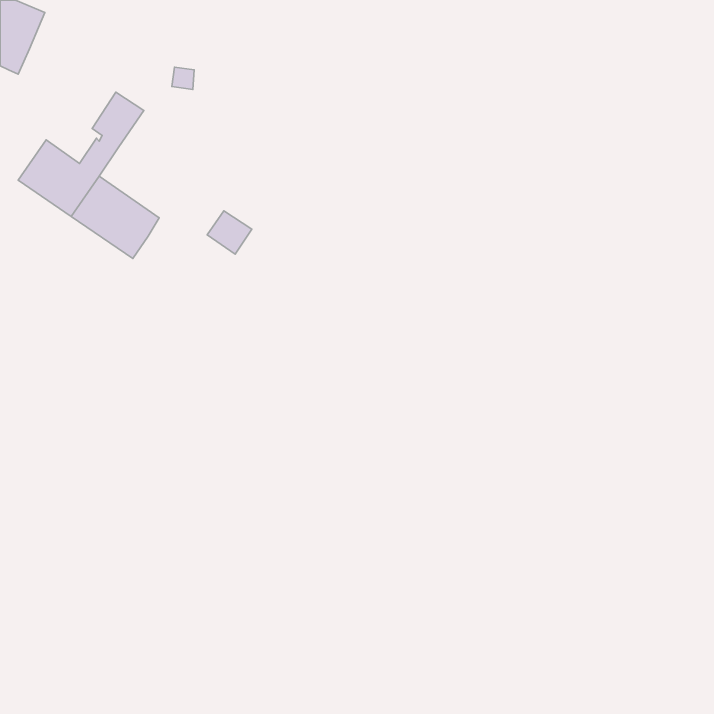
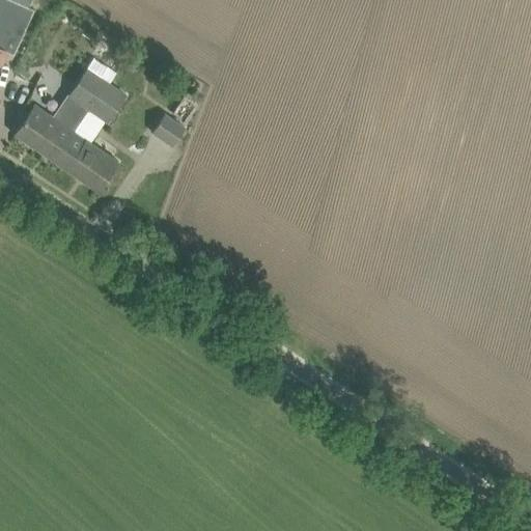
building: none -> [88,82,125,122]
building: [207,211,252,254] -> [151,114,185,146]

